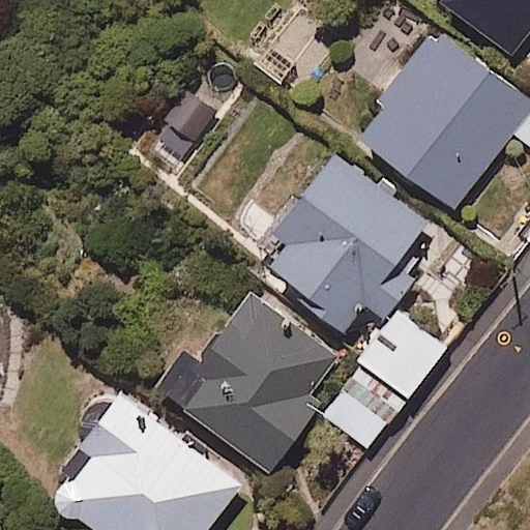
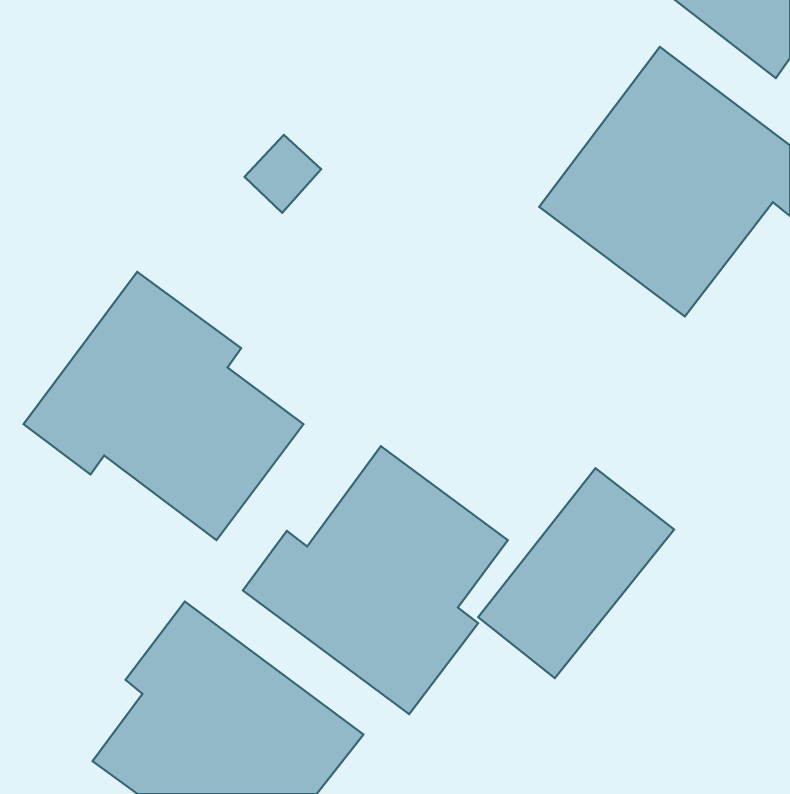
building: [257,156,428,330] -> none
building: none -> [23,272,304,540]

